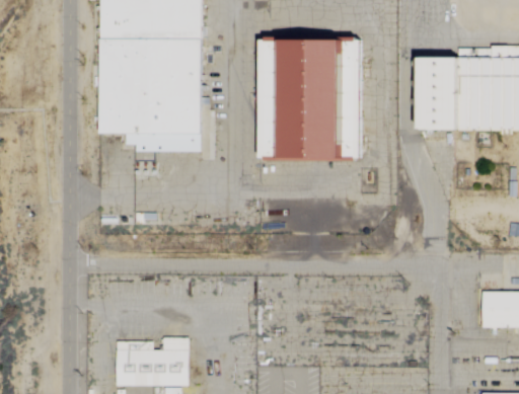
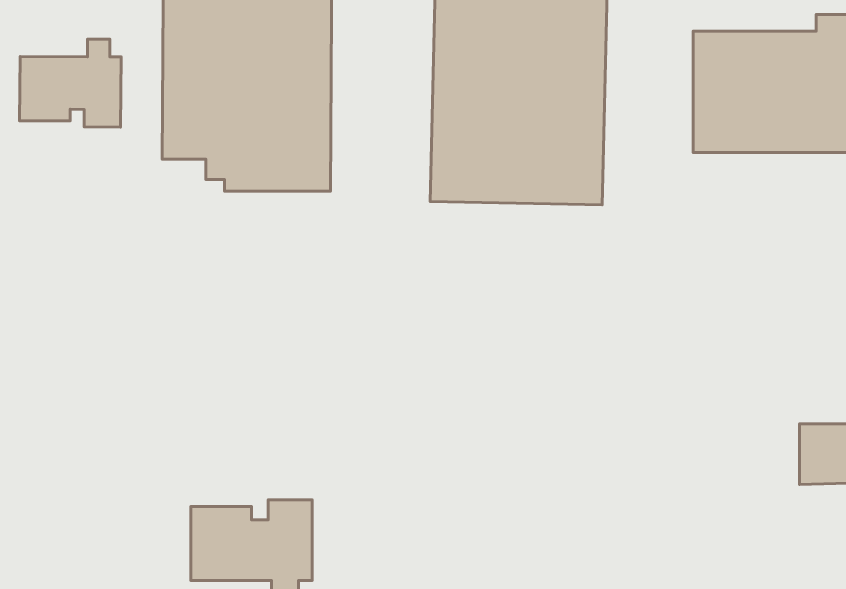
building: none -> [20,39,121,127]

